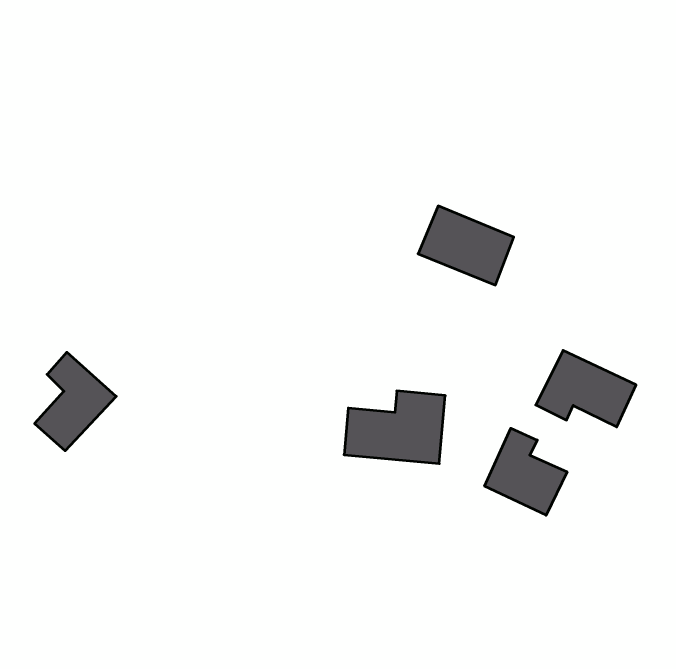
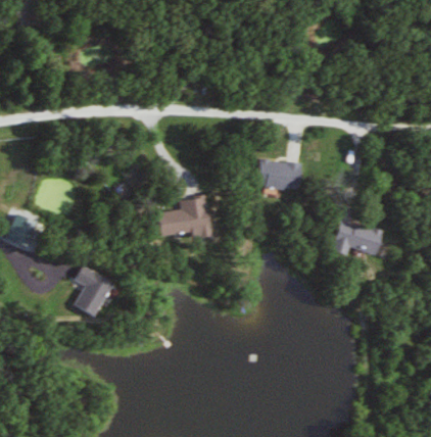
building: [344,391,445,464] -> [159,197,211,237]
building: [485,428,567,515] -> none

